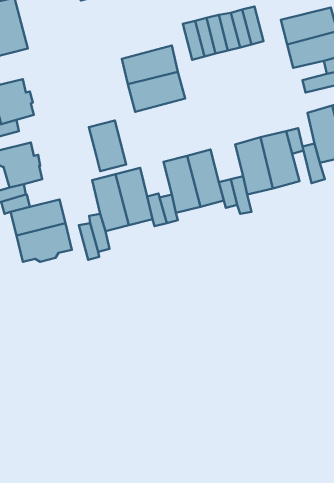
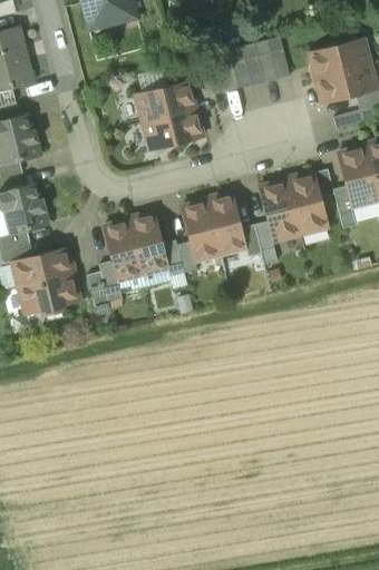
building: [89,120,126,171] -> none

